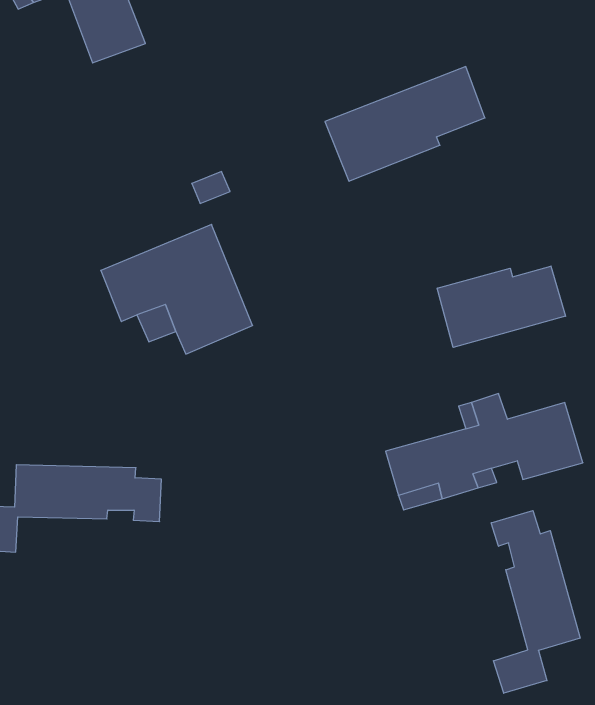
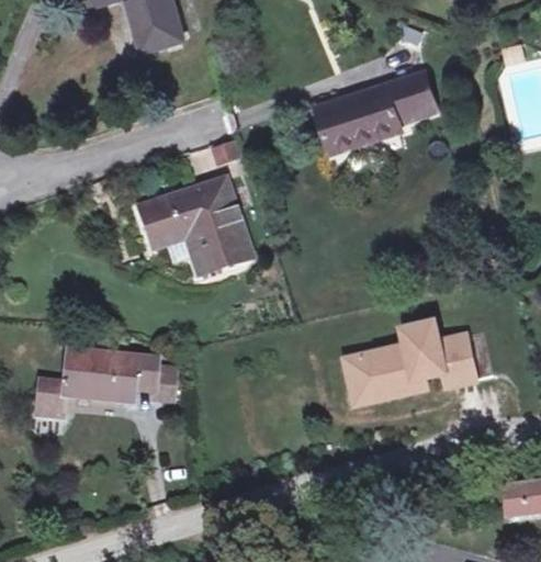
building: [437,266,566,347] -> none
building: [491,511,580,693] -> none

